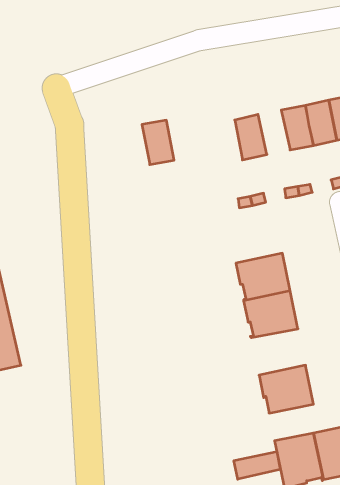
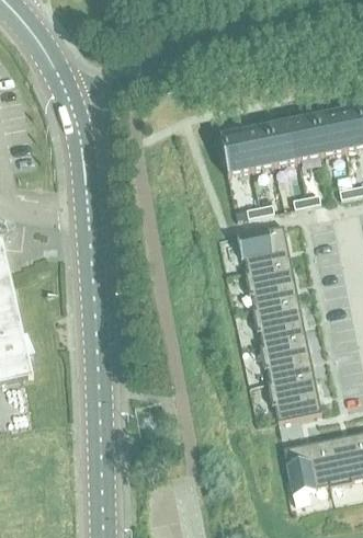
building: none -> [266,121,298,164]
building: [142,120,174,165] -> [219,130,251,174]
building: none -> [237,225,291,272]
building: none -> [260,336,314,382]
building: [234,452,280,479] -> none

